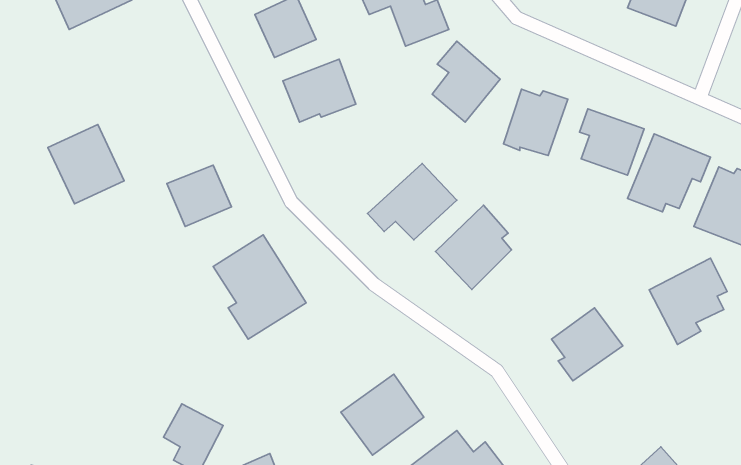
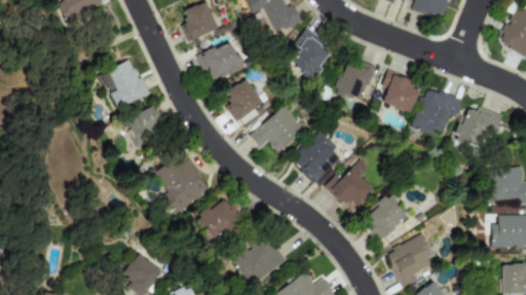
building: none -> [224,78,263,117]
building: [48,124,124,204] -> [102,59,149,108]
building: none -> [326,158,374,206]
building: [649,258,727,344] -> [386,233,435,287]
building: none -> [197,196,241,239]

